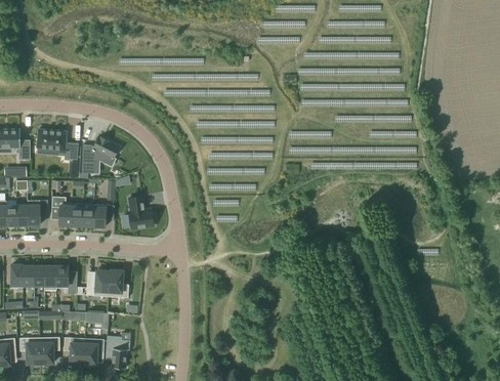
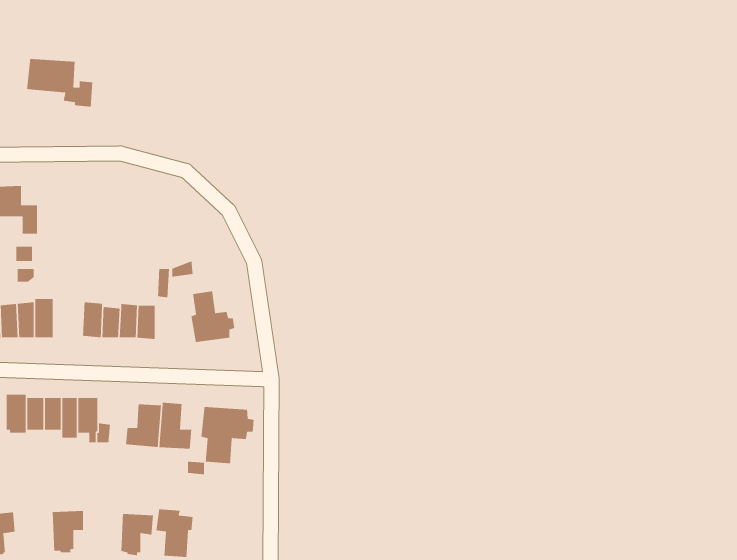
building: [34,130,77,162] -> [26,58,93,107]
building: [81,136,120,174] -> none
building: none -> [201,406,255,464]
building: [64,337,84,364] -> none
building: [19,338,40,364] -> none

